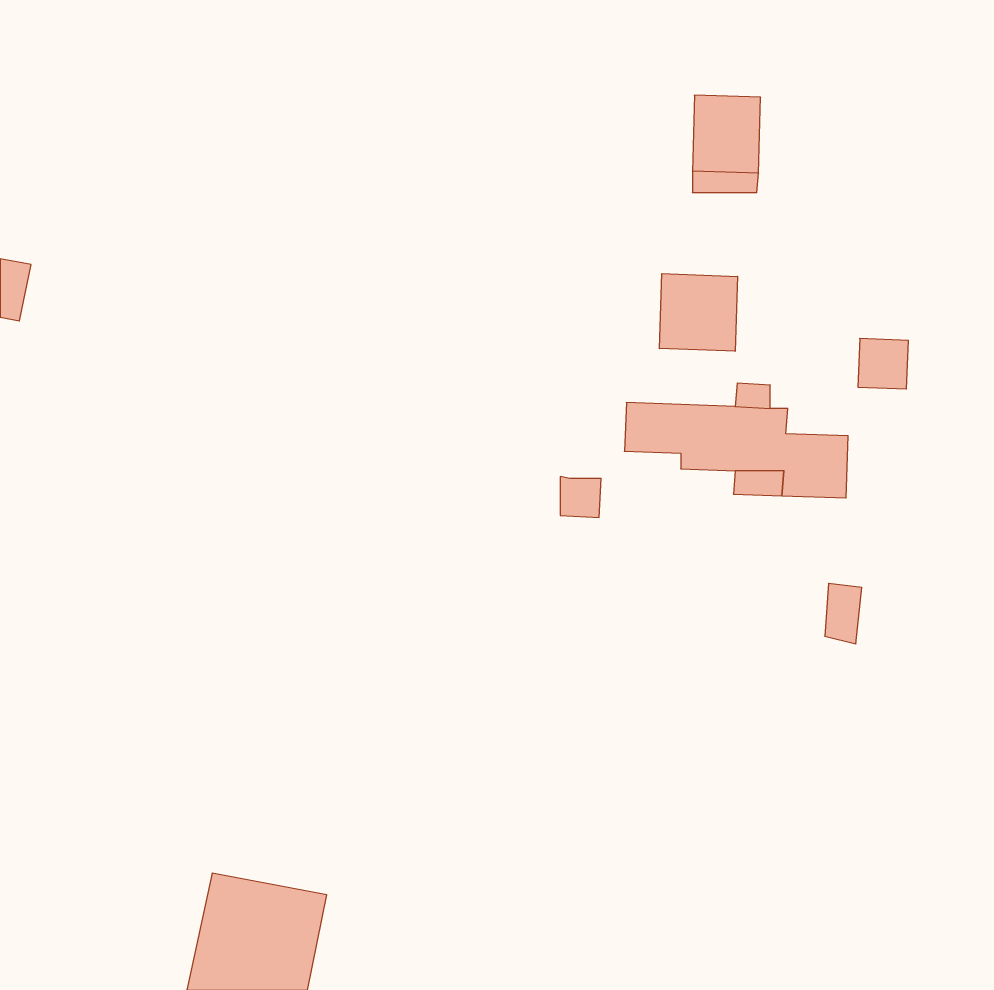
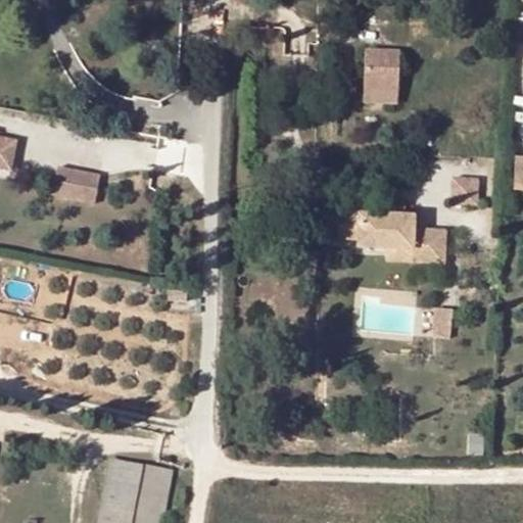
building: [659,274,738,351] -> none
building: none -> [60,164,104,201]

